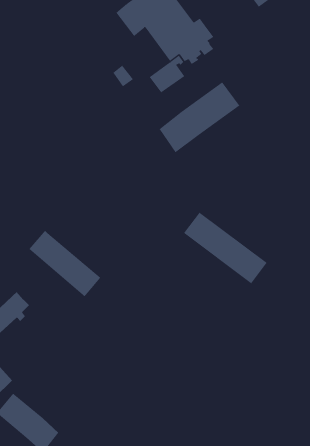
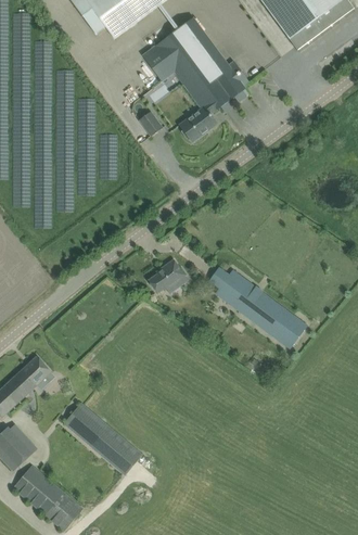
building: [159,82,240,153] -> none
building: none -> [148,259,186,293]
building: [29,230,101,297] -> [63,402,141,474]

